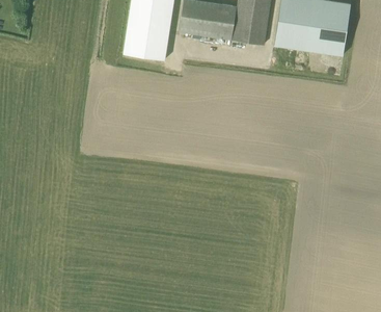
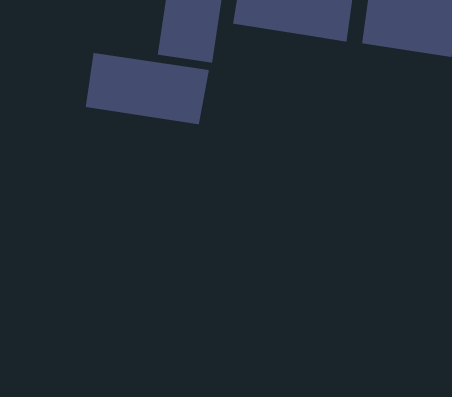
building: none -> [85,52,210,125]

